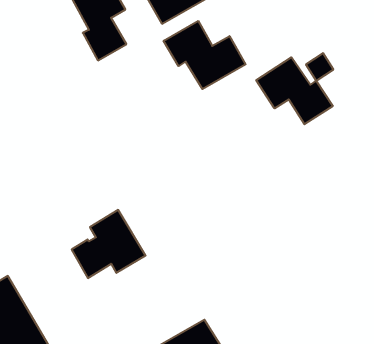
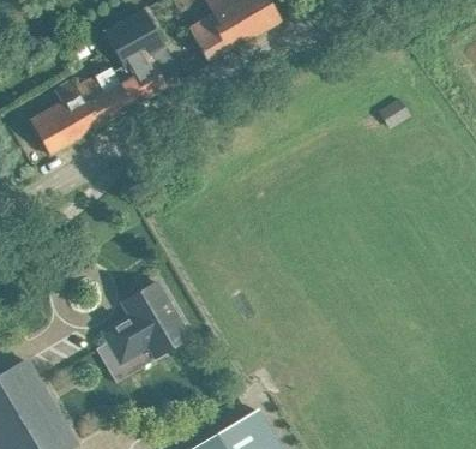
building: [164,21,246,89] -> none
building: none -> [31,68,133,154]
building: [256,57,333,124] -> none

